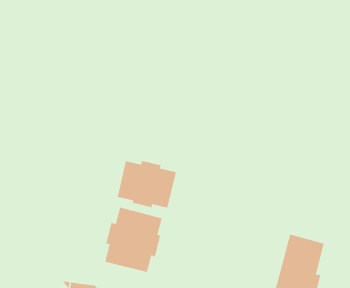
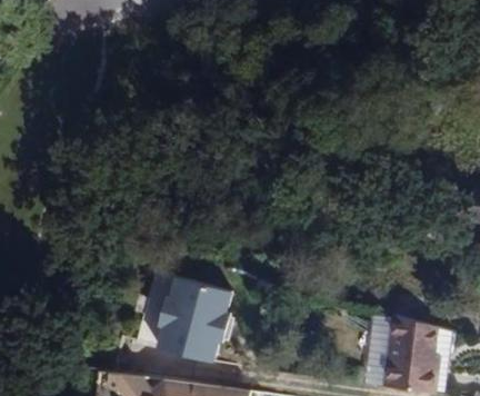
building: [117,160,177,208] -> none

